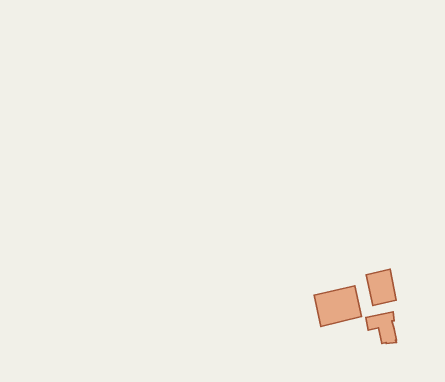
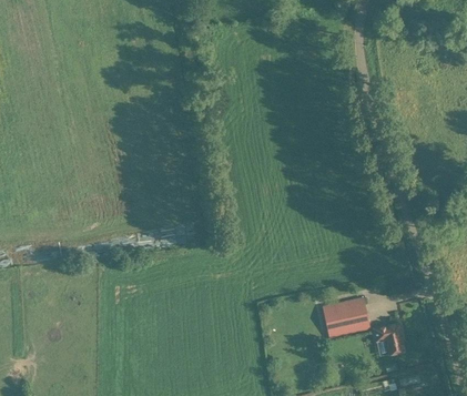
building: [366,269,396,305] -> none

